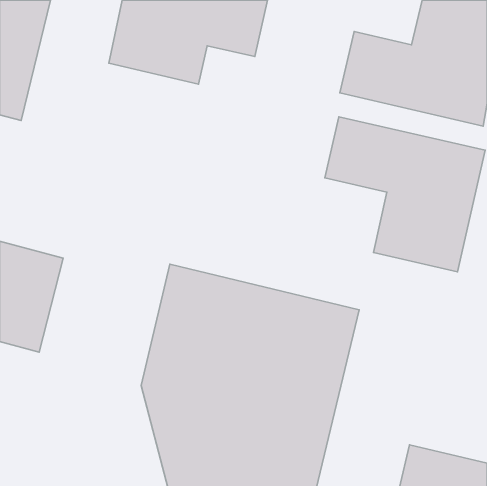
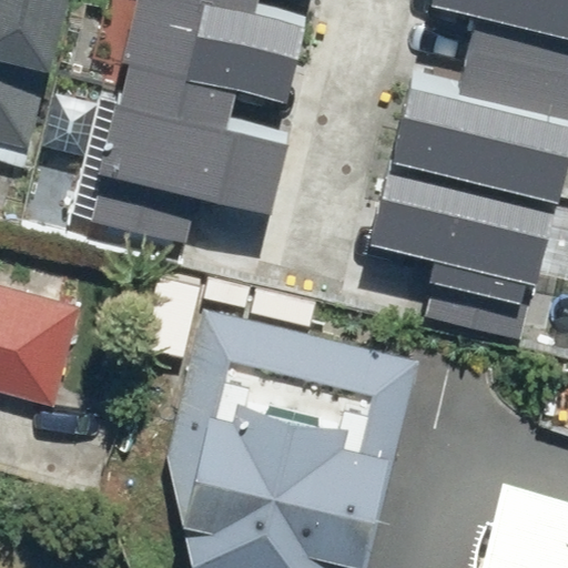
building: none -> [98,77,298,222]

